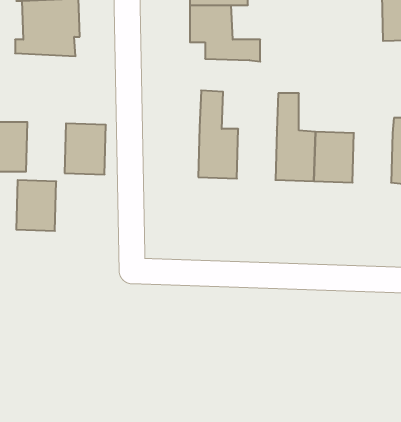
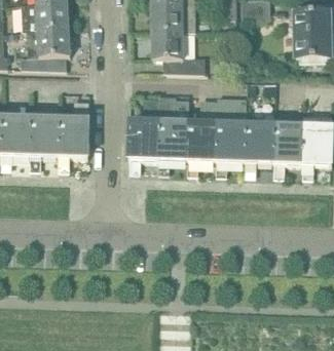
building: none -> [128,121,159,159]
building: none -> [187,123,217,161]
building: none -> [273,126,303,163]
building: [16,180,56,231] -> [30,118,60,156]

